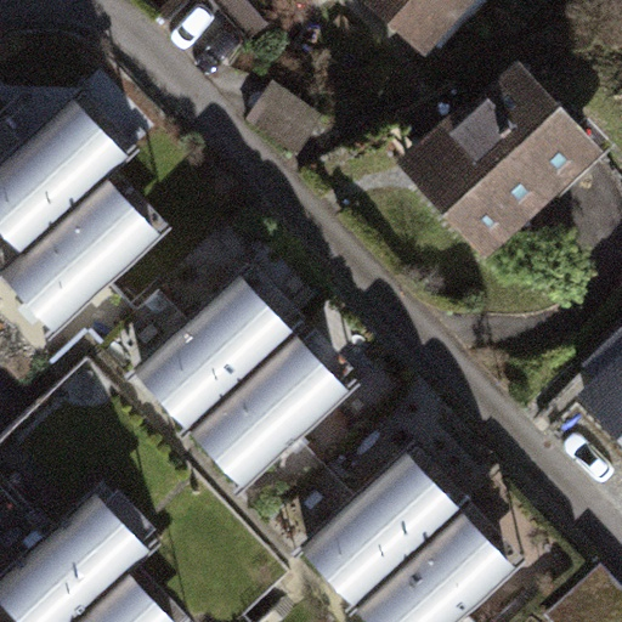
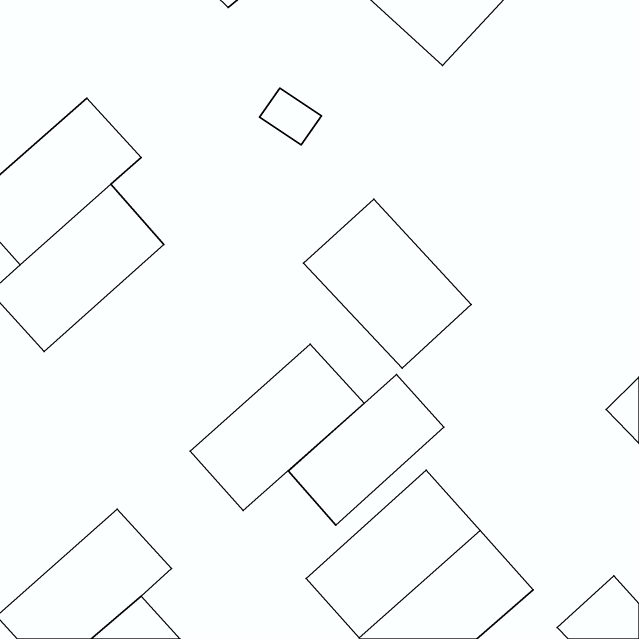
building: [403,66,601,260] -> none
building: none -> [304,199,471,368]
building: [131,273,299,435] -> none
building: none -> [289,374,444,525]

